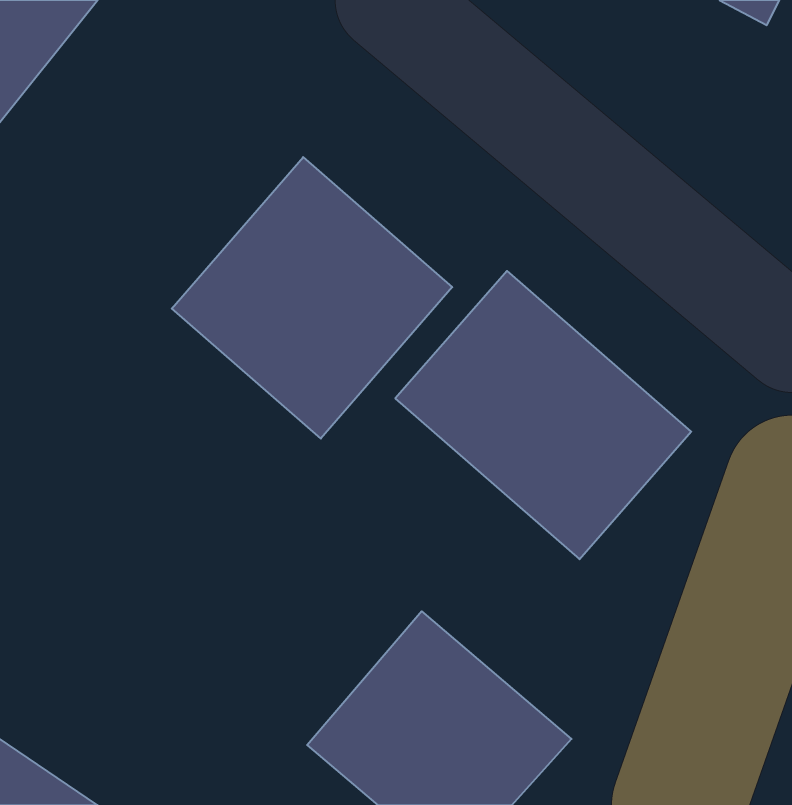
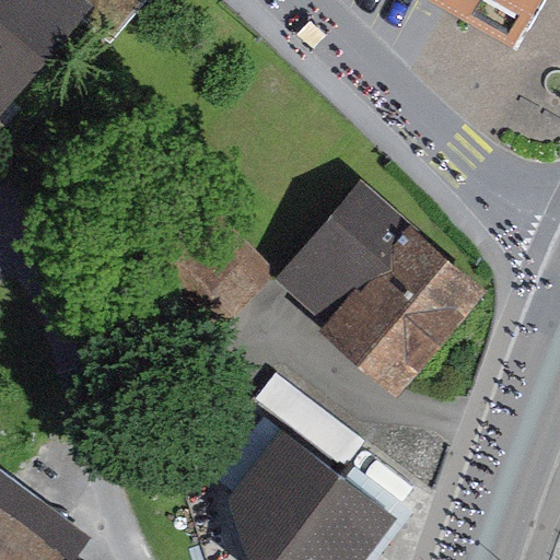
building: [172,157,452,439] -> none

